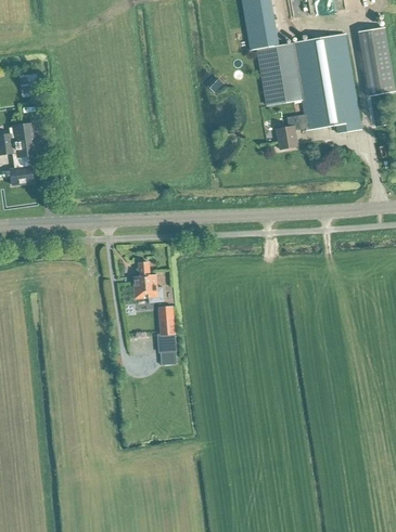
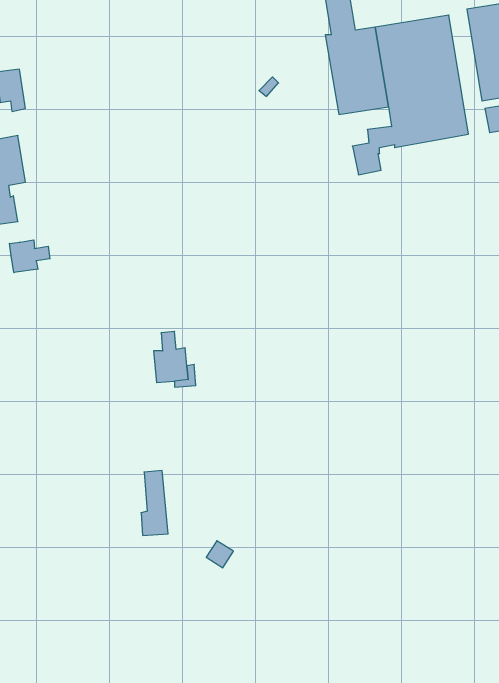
building: none -> [10,240,50,273]
building: [156,304,176,351] -> [141,471,168,535]

